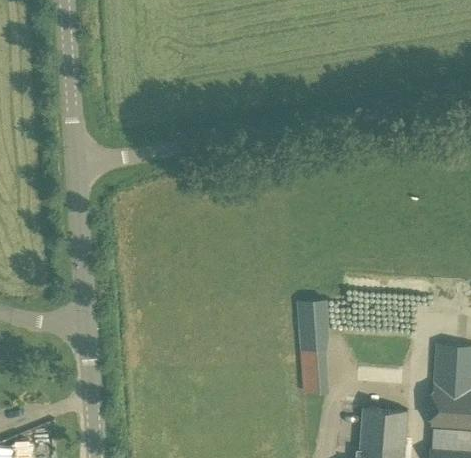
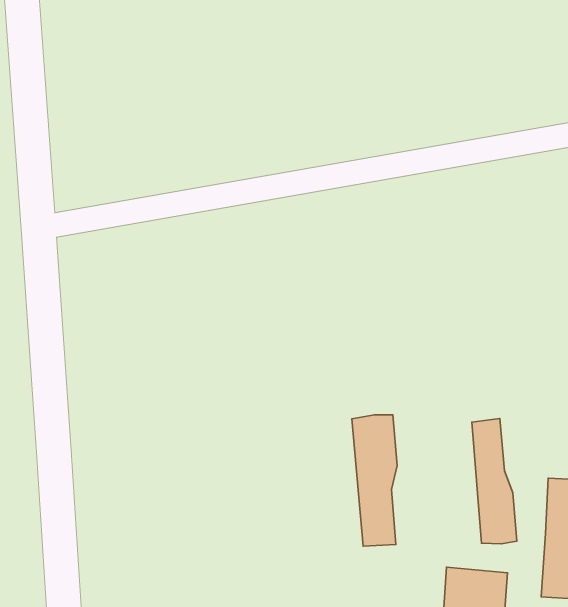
building: none -> [472,419,517,544]

